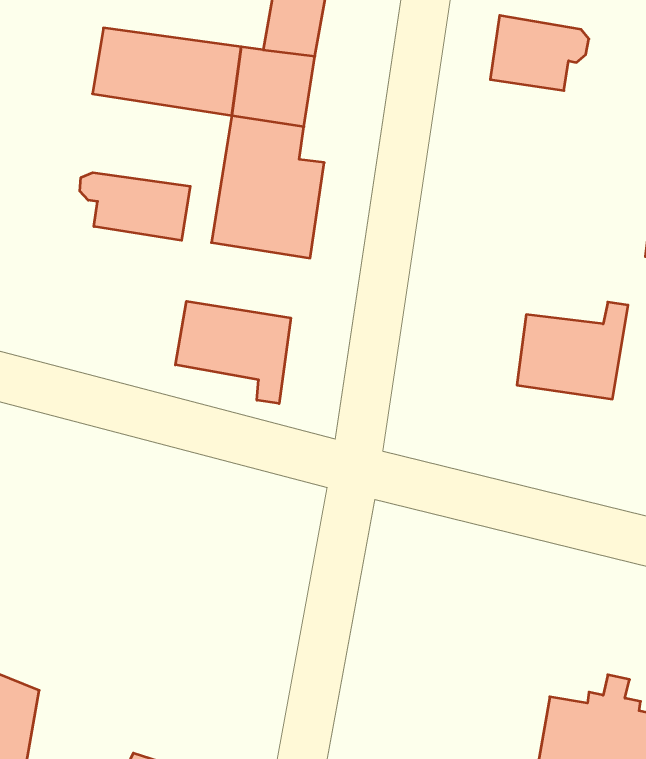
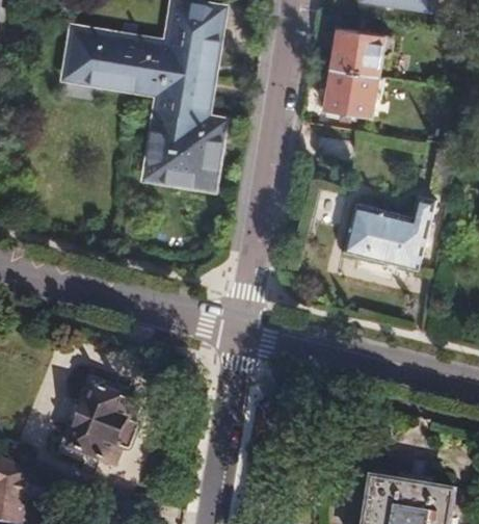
building: none -> [323,67,382,114]
building: [80,173,190,240] -> none
building: [175,301,291,404] -> none
building: none -> [63,382,138,464]

